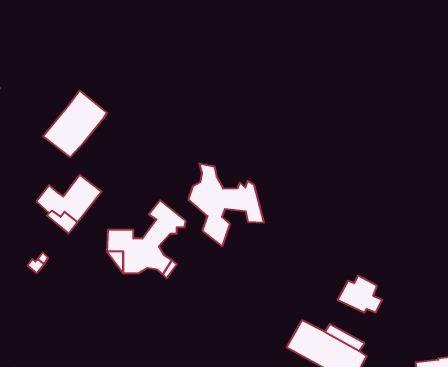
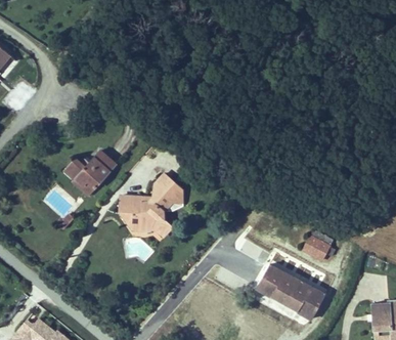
building: [43,91,107,157] -> none
building: [189,163,264,246] -> none

